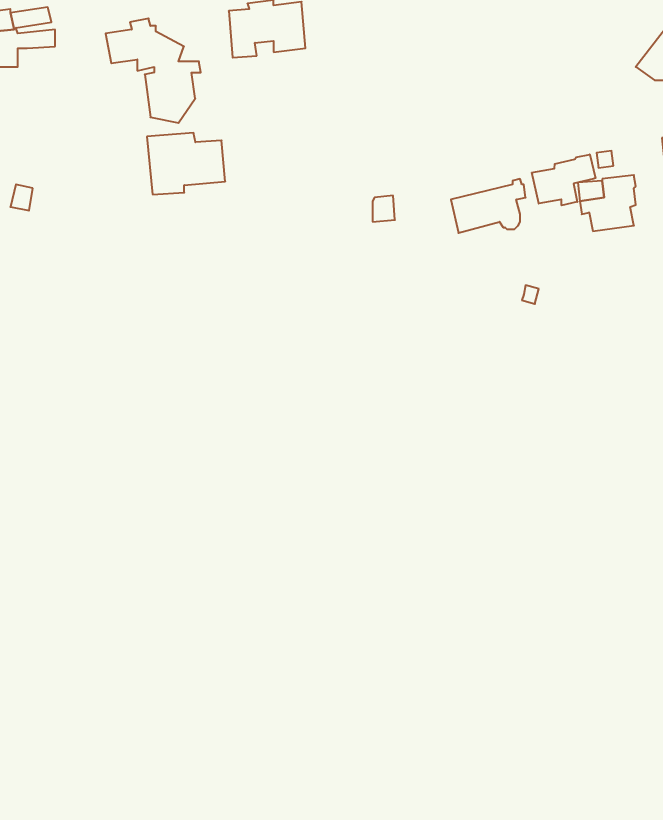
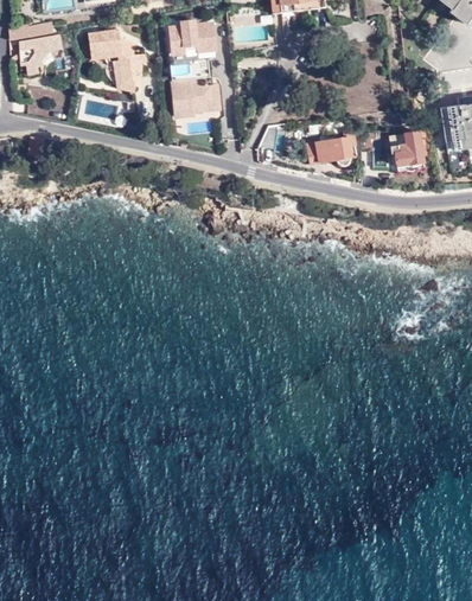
building: [147,133,225,194] -> [171,79,221,119]
building: [532,154,596,205] -> none

